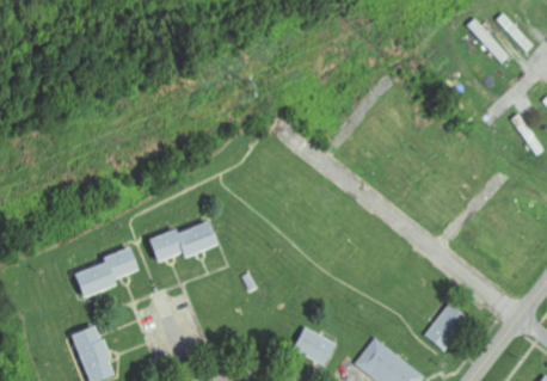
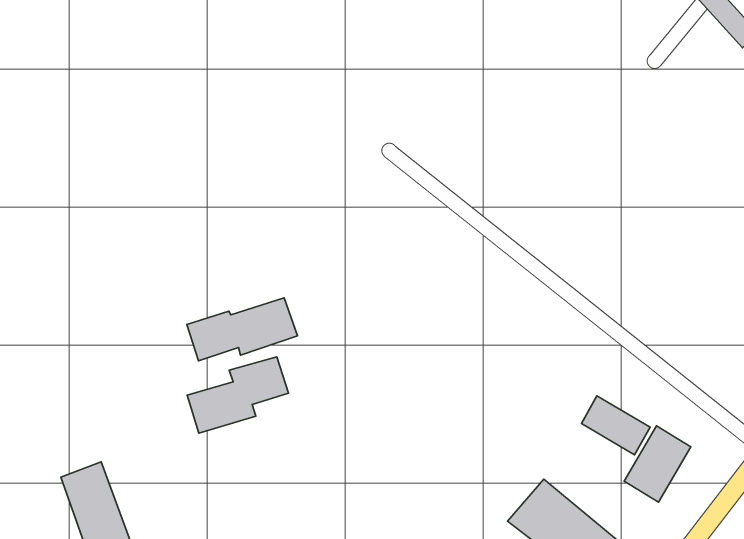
building: [76,248,140,296] -> [187,357,288,433]
building: none -> [581,396,650,455]
building: [291,325,334,364] -> none

